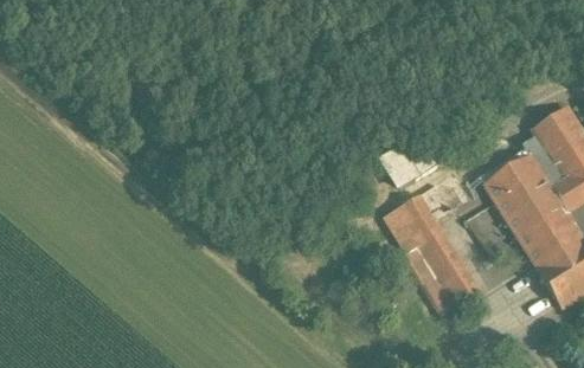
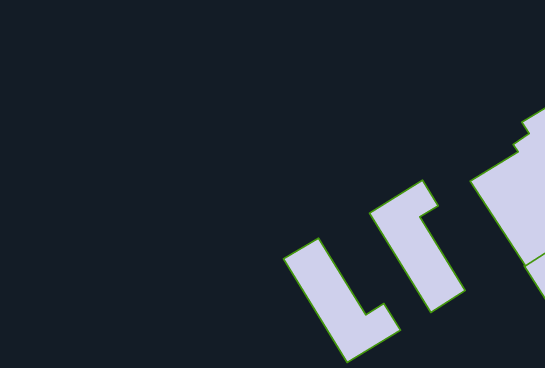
building: none -> [283,238,401,363]

